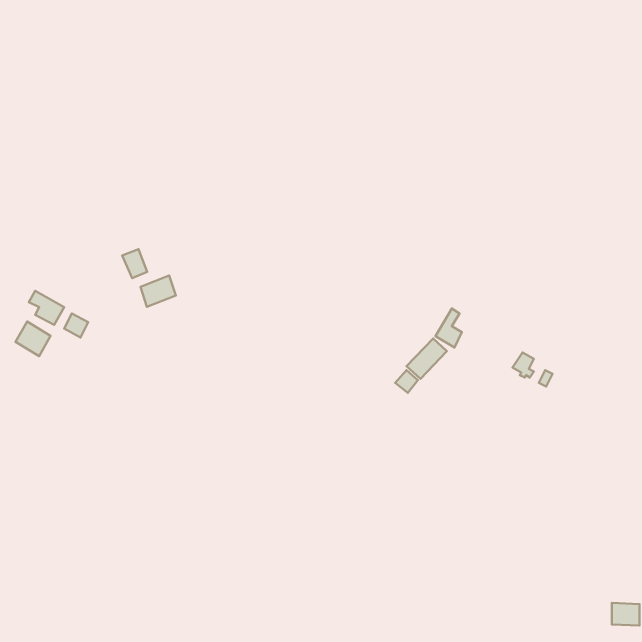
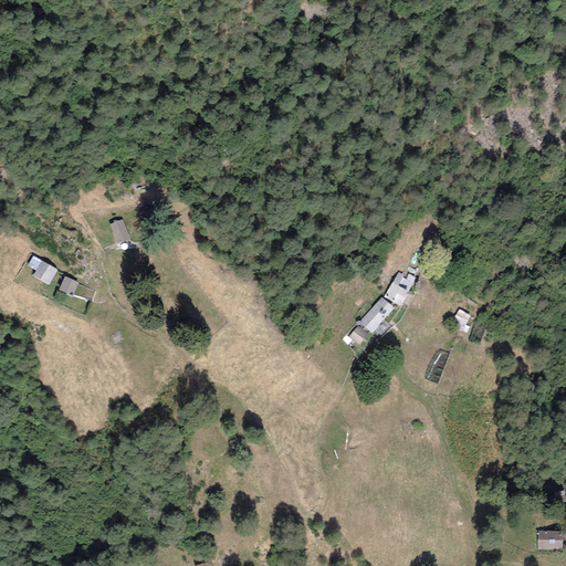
building: [140,276,176,307] -> none
building: [16,322,51,356] -> none

